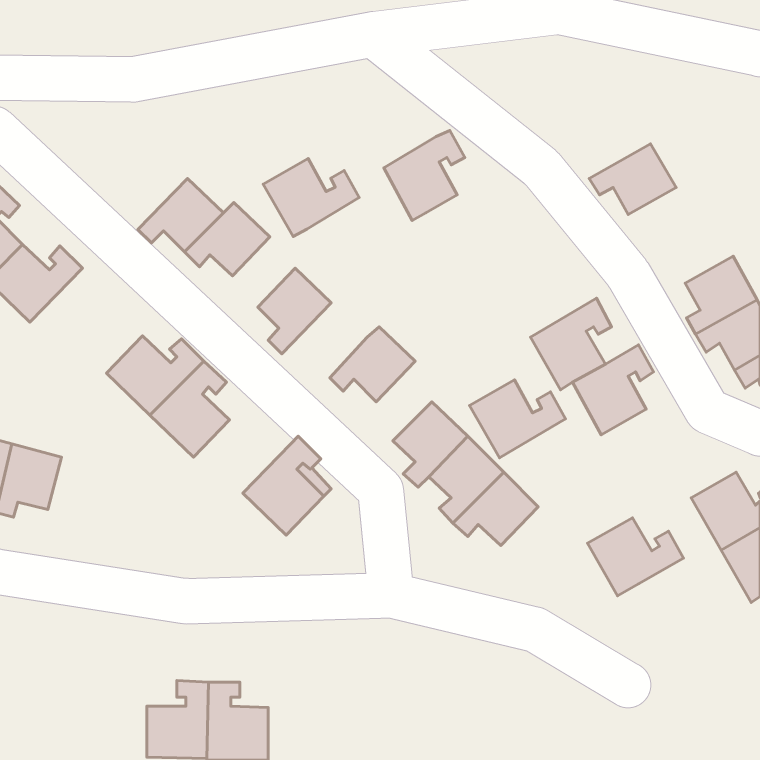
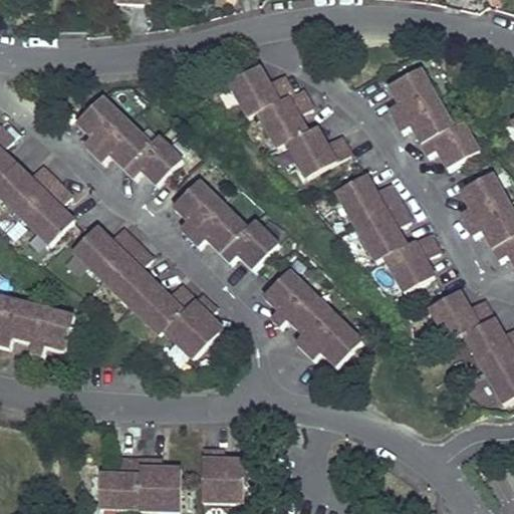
building: none -> [388,67,436,119]
building: none -> [75,95,125,154]
building: [263,159,359,237] -> [228,65,292,117]
building: none -> [421,119,479,168]
building: none -> [285,125,349,178]
building: none -> [20,180,73,244]
building: none -> [189,203,246,253]
building: [470,380,566,458] -> [335,174,400,226]
building: none -> [130,281,195,334]
building: none -> [29,306,73,355]
building: [587,518,683,596] -> [429,289,493,341]
building: none -> [201,448,242,501]

